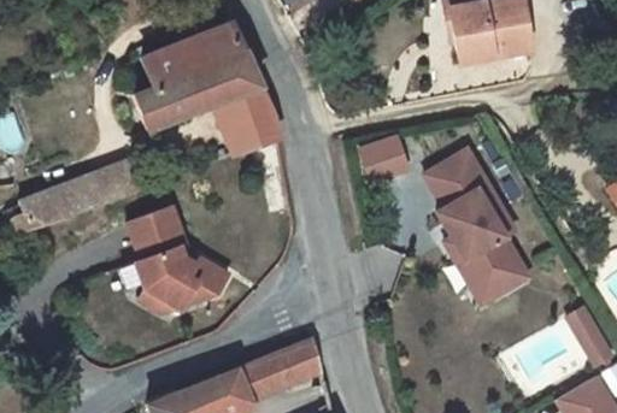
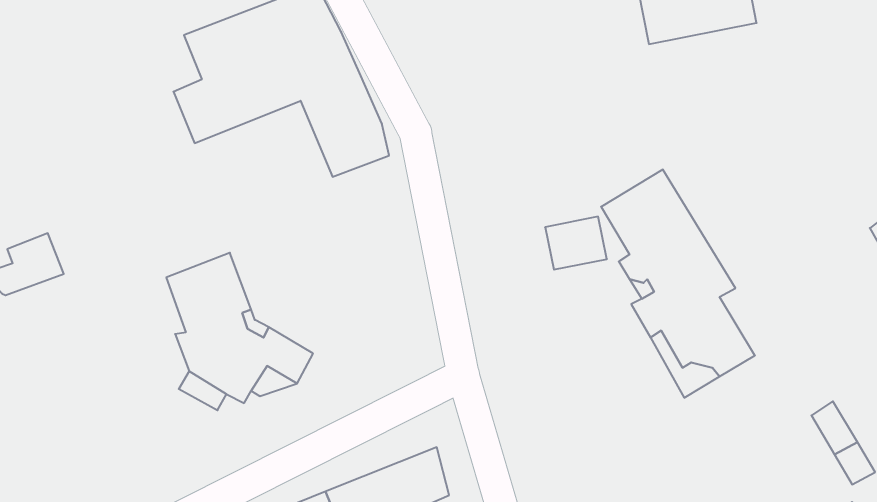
building: [363,140,405,176] -> [545,217,607,270]
building: [48,161,141,220] -> none

